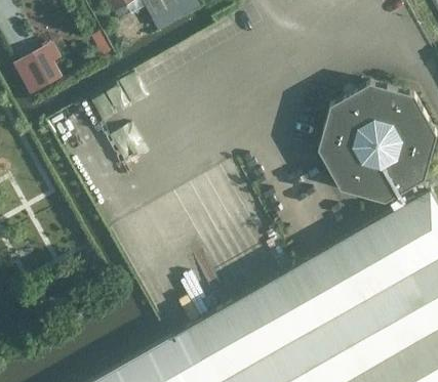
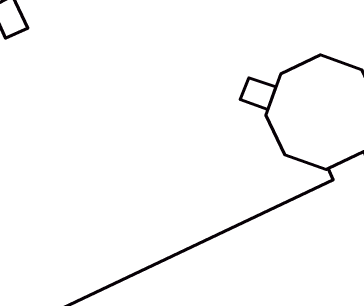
building: none -> [240,78,276,110]

